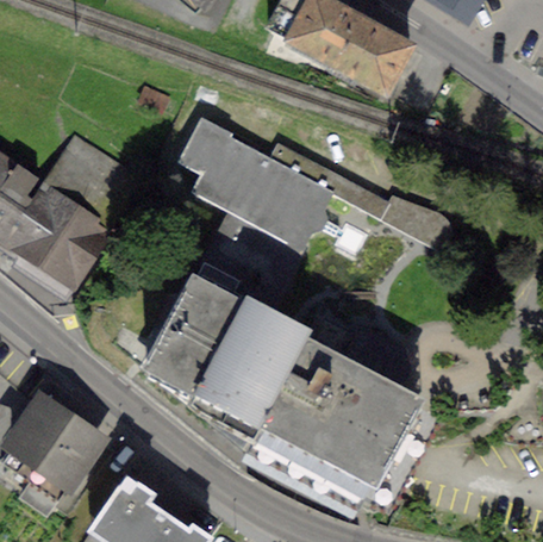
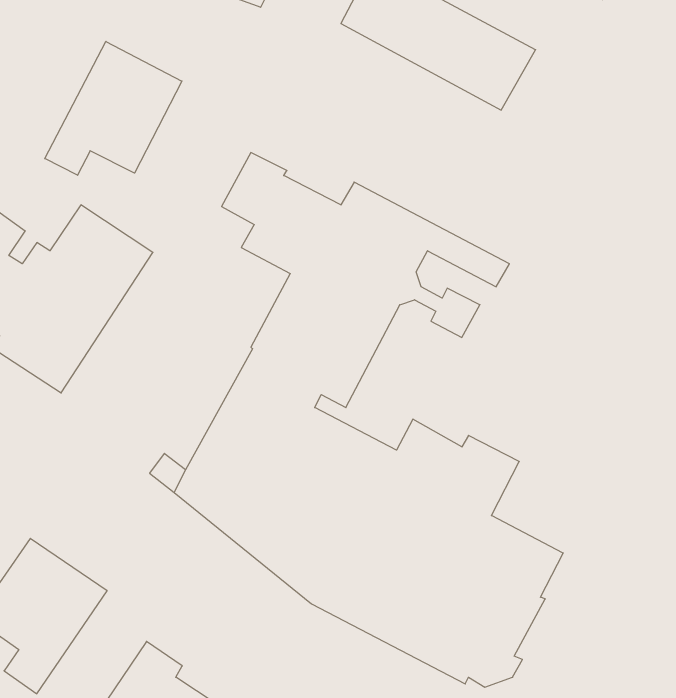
building: none -> [45,41,182,175]

